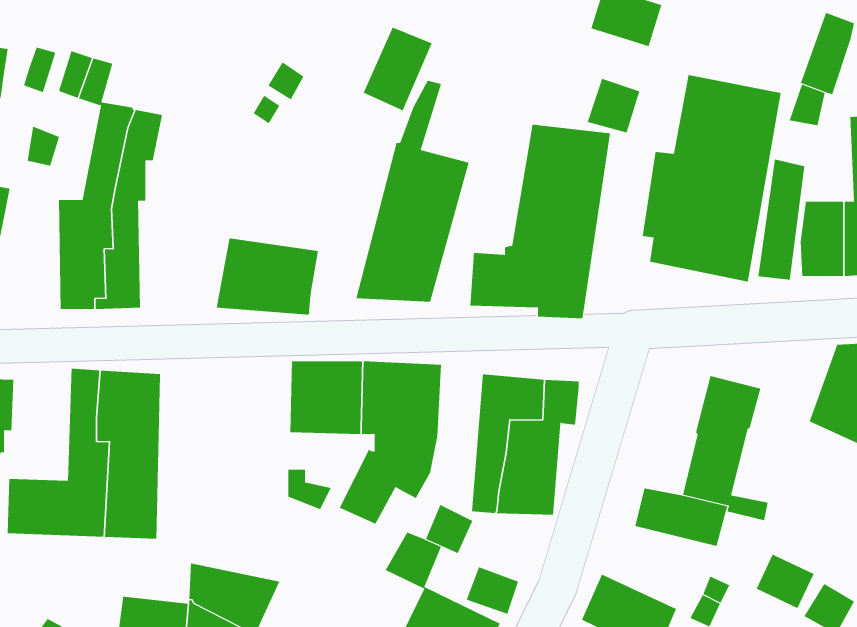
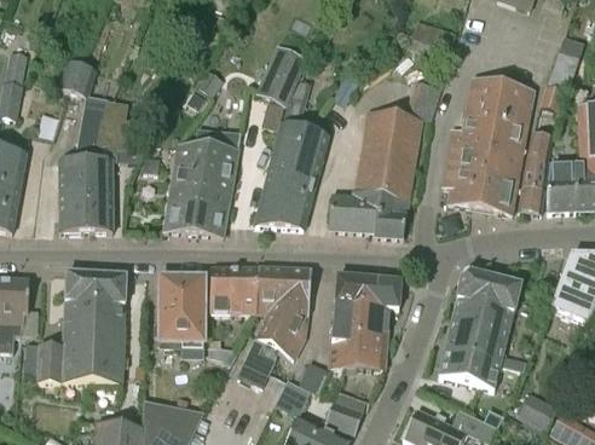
building: none -> [171,128,241,193]
building: none -> [160,266,204,348]
building: none -> [444,271,487,354]

